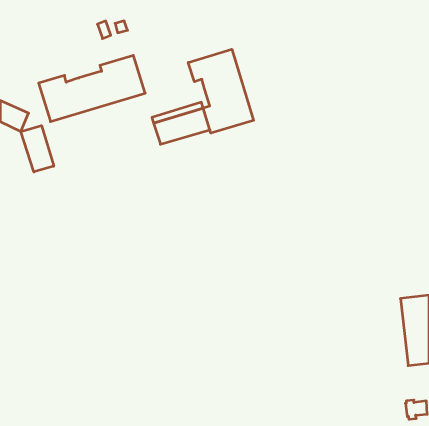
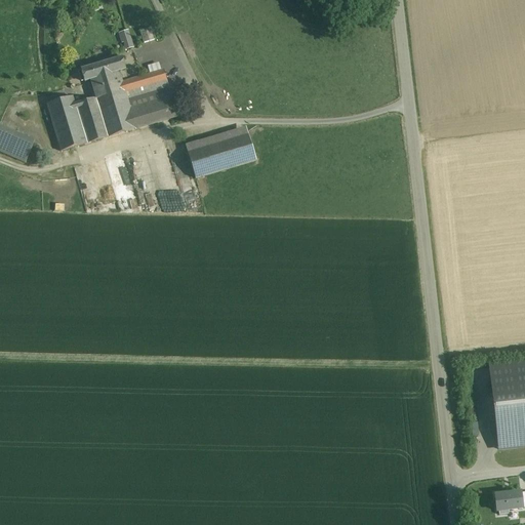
building: none -> [81,55,126,95]
building: [188,49,254,133] -> none
building: [21,126,54,172] -> none

